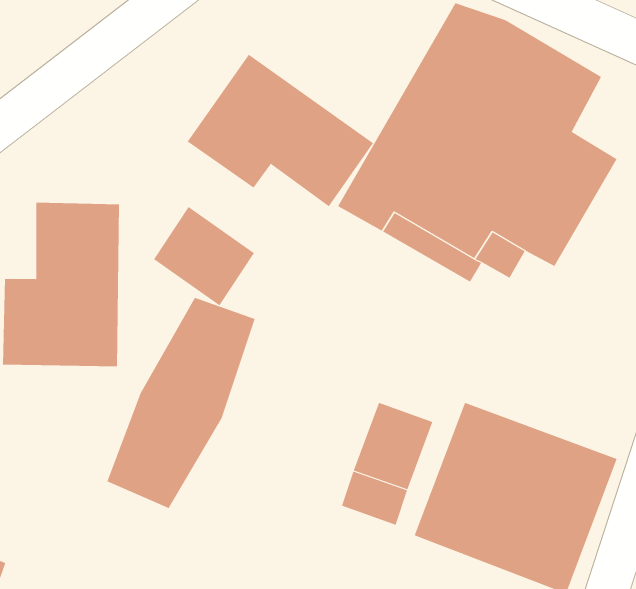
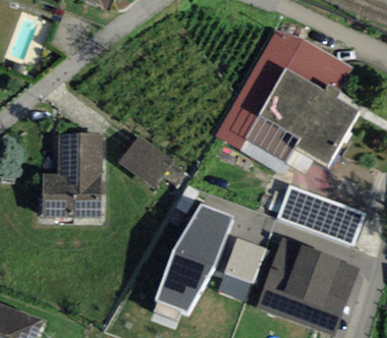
building: [187,54,374,207] -> none
building: [106,297,255,509] -> [155,204,232,314]
building: none -> [276,185,366,246]

